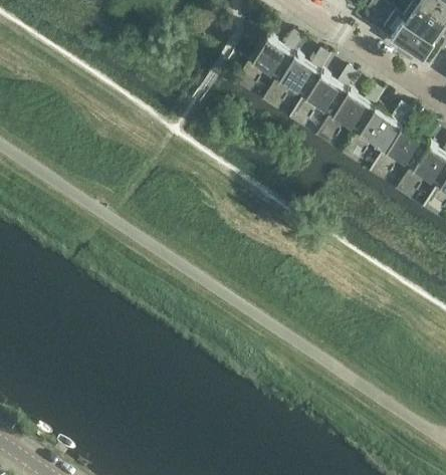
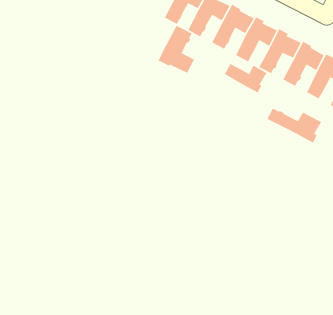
building: none -> [157,25,195,74]
building: none -> [224,63,267,94]
building: none -> [266,107,322,144]

